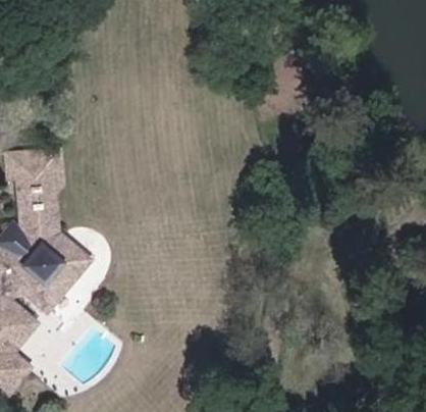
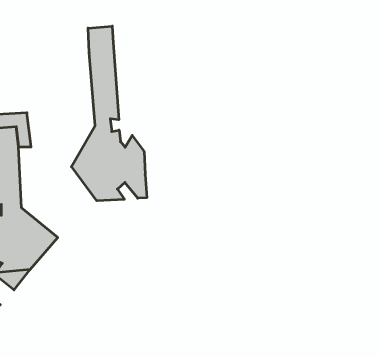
building: none -> [71,26,147,201]

